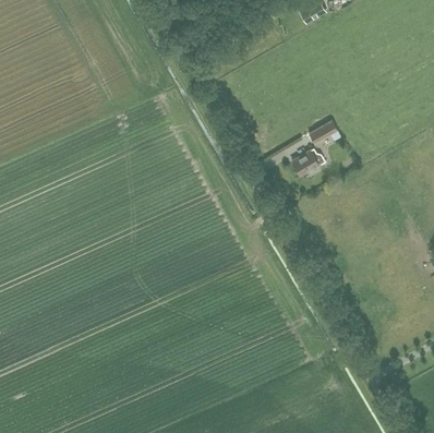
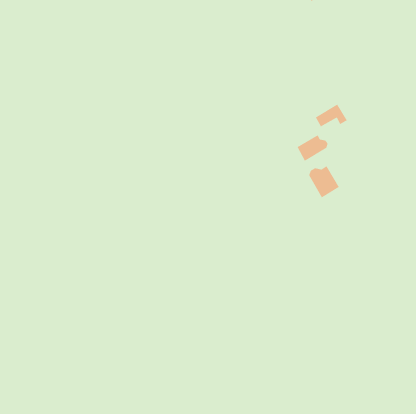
building: none -> [308,165,340,199]

